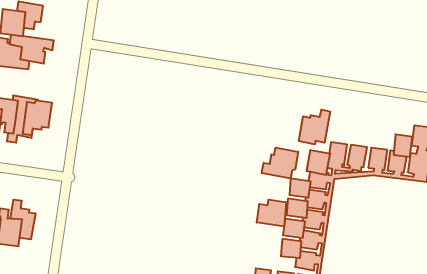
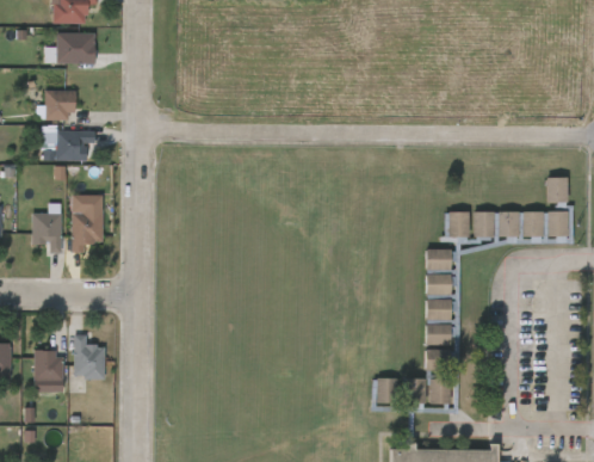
building: [299,110,330,144] -> none
building: [262,148,298,179] -> none
building: [257,200,286,226] -> none

